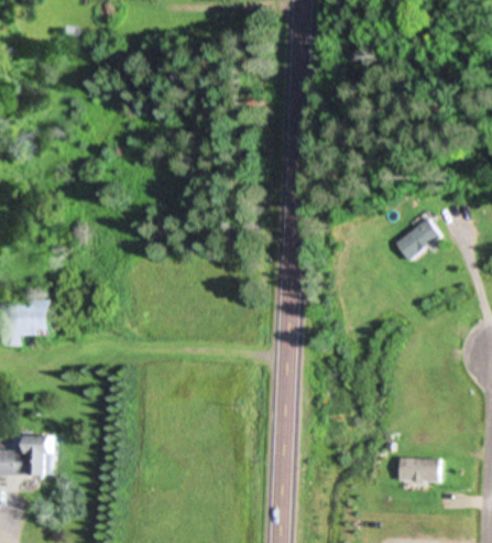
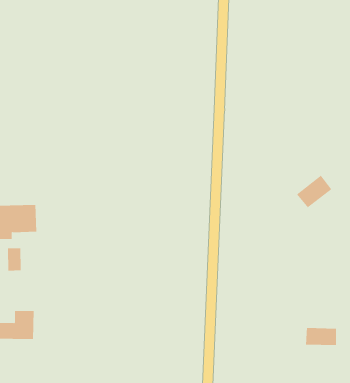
building: [394,217,440,260] -> [296,175,332,208]
building: none -> [7,248,21,271]

